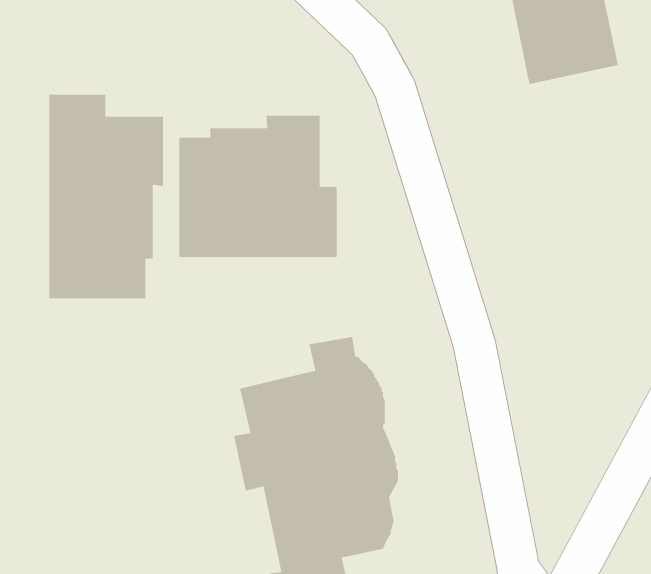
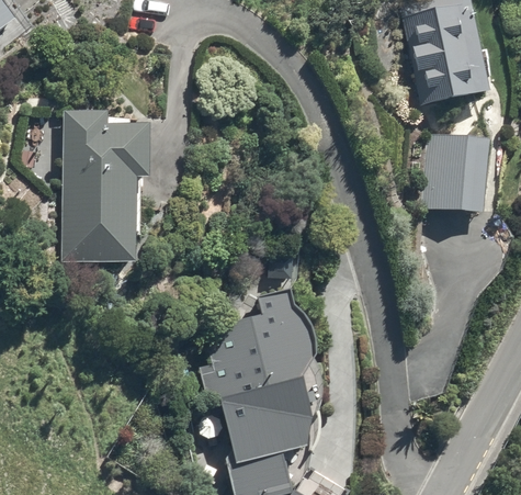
building: [178,115,338,258] -> none
building: none -> [421,133,487,211]

